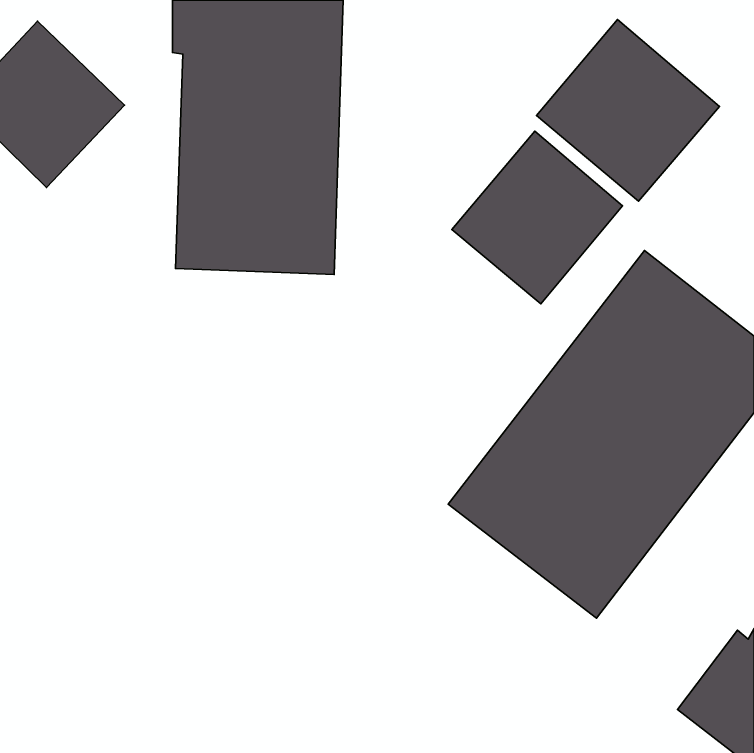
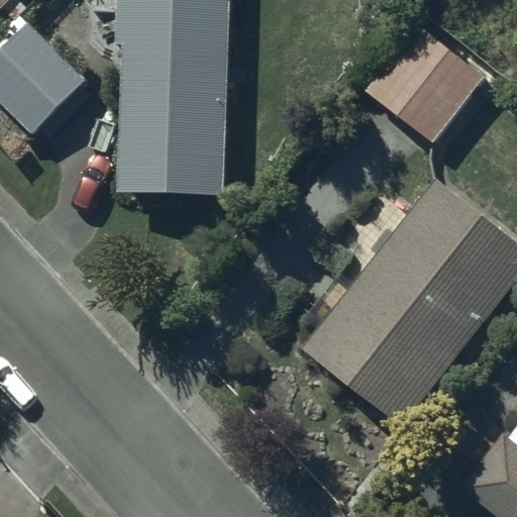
building: [452,131,622,304] -> none

